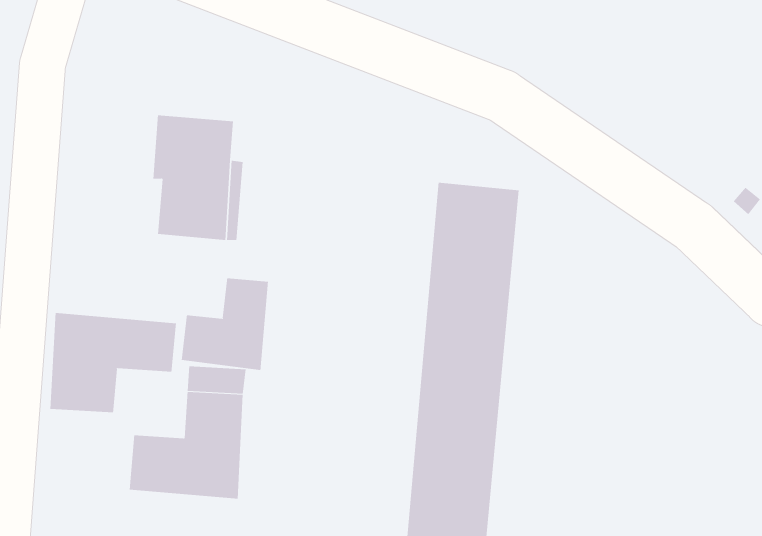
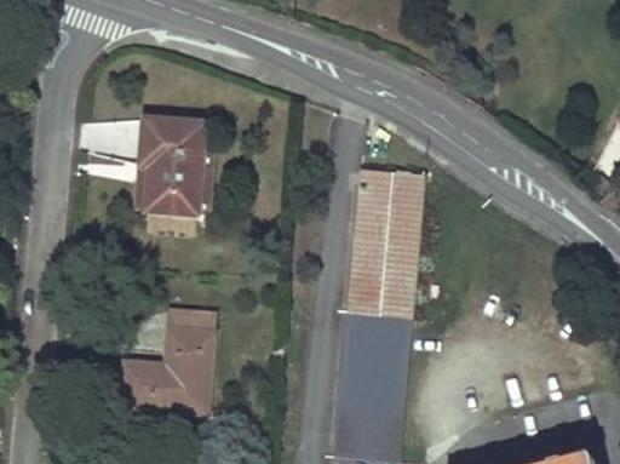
building: [181,277,269,371] -> none
building: [50,312,177,413] -> none

